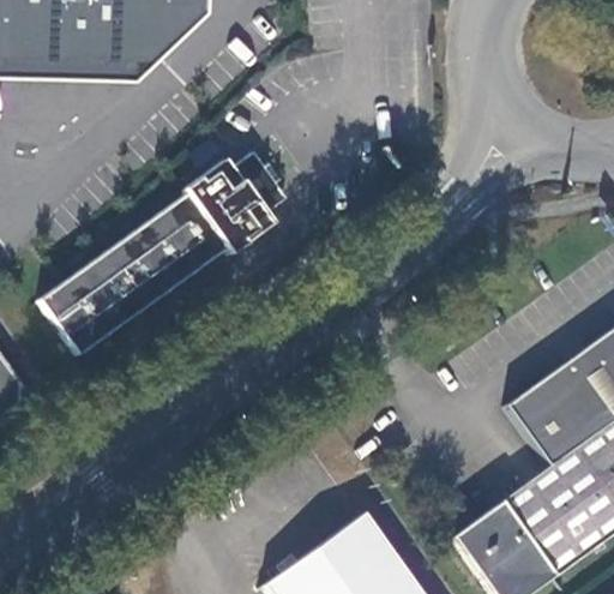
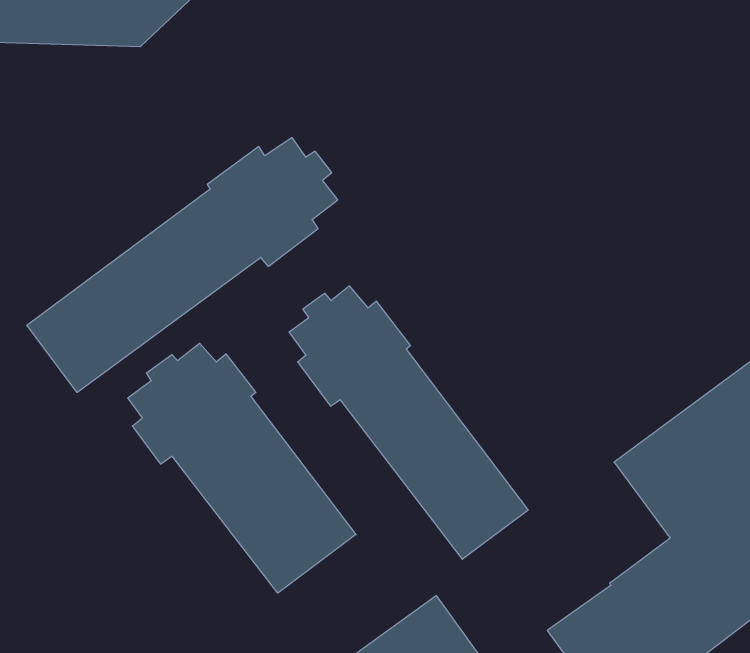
building: none -> [289,286,528,559]
building: none -> [128,343,356,593]

